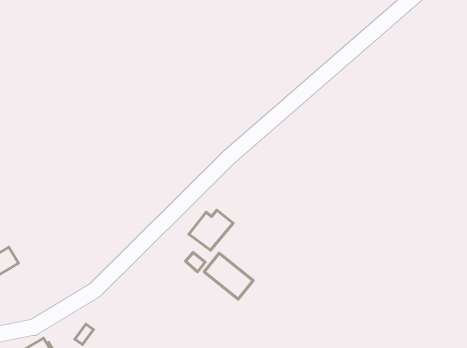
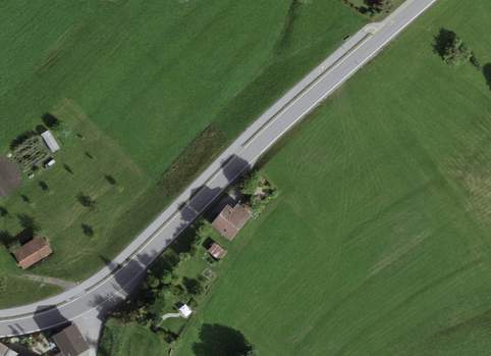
building: [204,253,253,299] -> none

